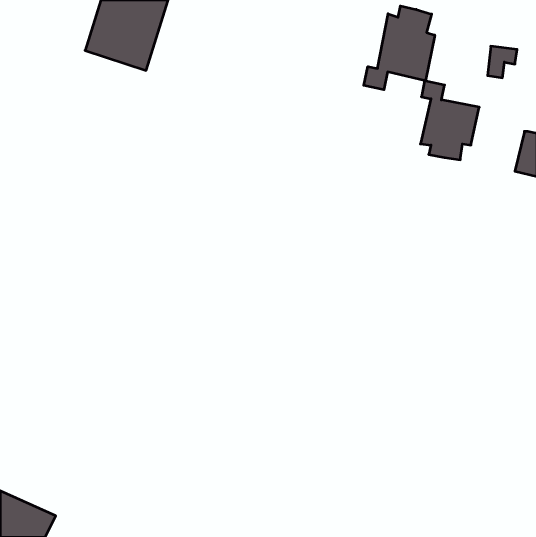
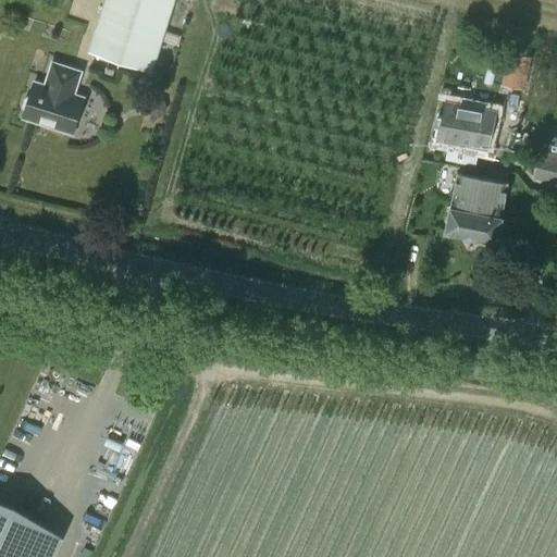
building: [364,6,435,90] -> none
building: none -> [23,64,84,134]
building: none -> [446,172,508,240]

